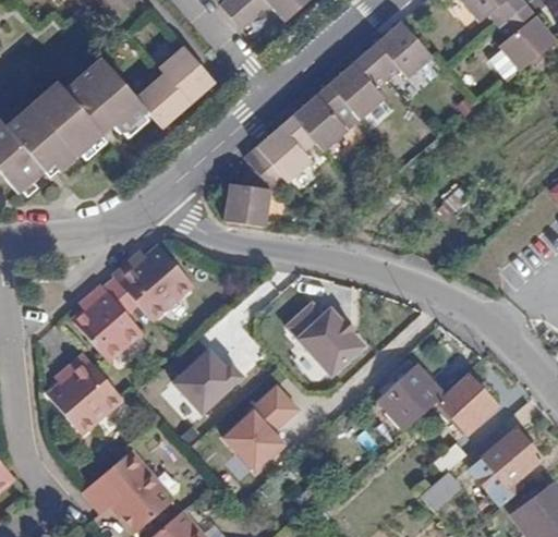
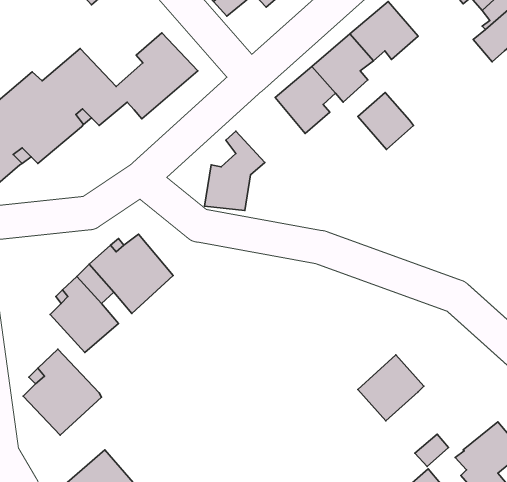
building: none -> [358,92,414,149]
building: [256,111,317,178] -> none
building: [289,296,374,375] -> none
building: [175,345,247,412] -> none
building: [434,370,493,429] -> none
building: [226,382,300,472] -> none

